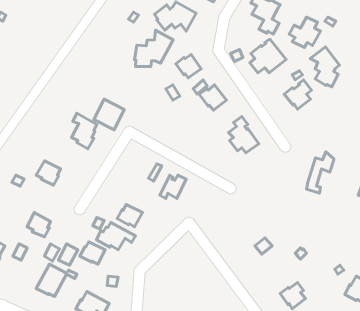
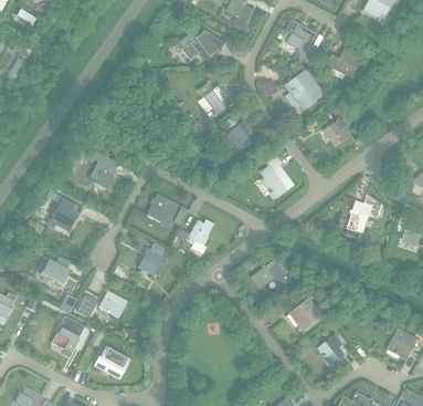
building: [134,30,173,67] -> none
building: [310,47,339,87] -> none
building: [94,99,124,130] -> [146,192,179,226]
building: none -> [251,258,288,288]
building: [96,223,136,250] -> none
building: none -> [289,298,321,329]

